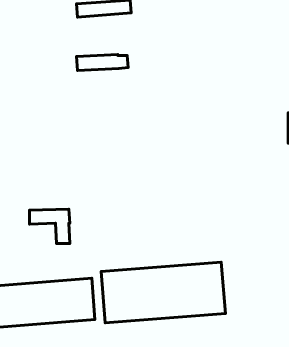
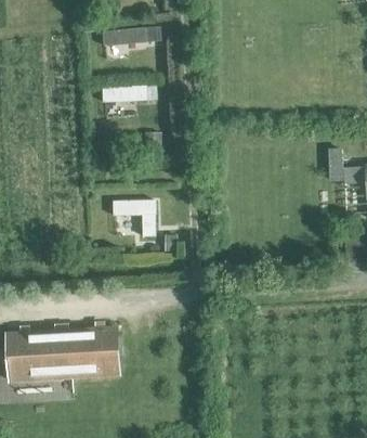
building: [29,209,70,243] -> [113,201,156,237]
building: [101,262,225,323] -> none

